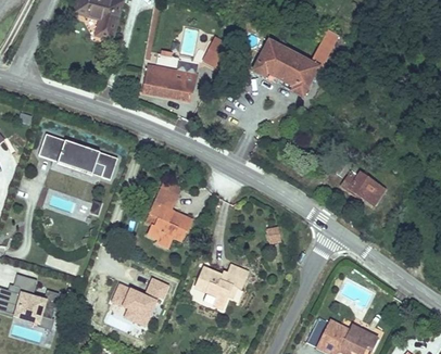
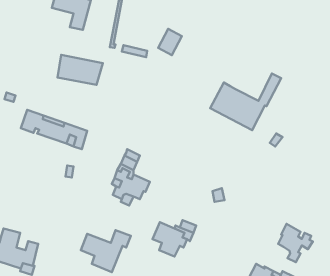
building: [253,28,338,96] -> [210,74,281,130]
building: [143,64,198,100] -> [57,55,103,85]
building: [341,172,385,204] -> none
building: none -> [278,224,313,262]

